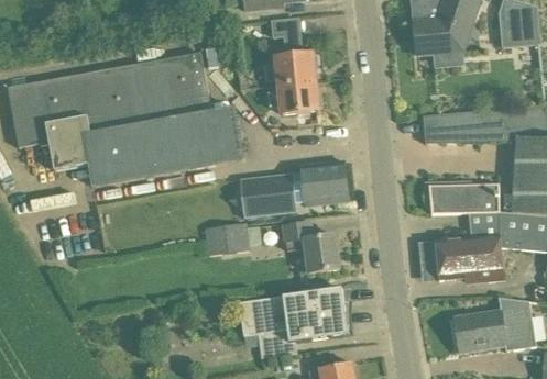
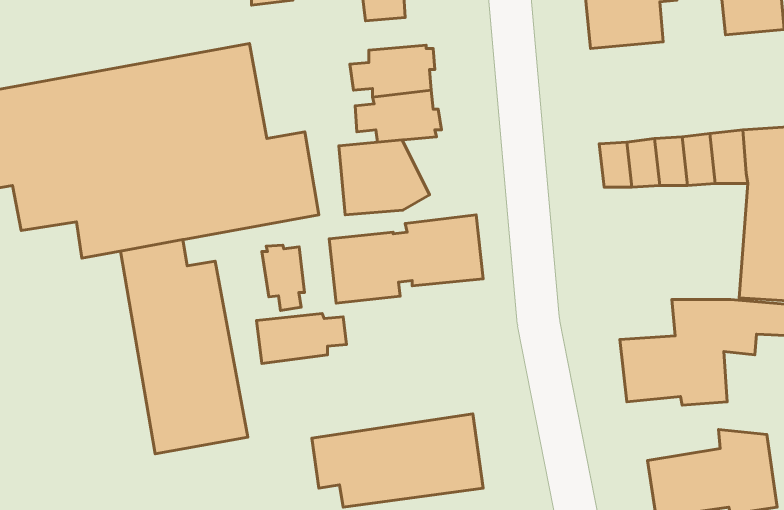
building: none -> [339,140,430,215]
building: none -> [120,240,248,454]
building: none -> [262,245,305,311]
building: [424,183,499,214] -> none
building: [283,221,339,272] -> none

